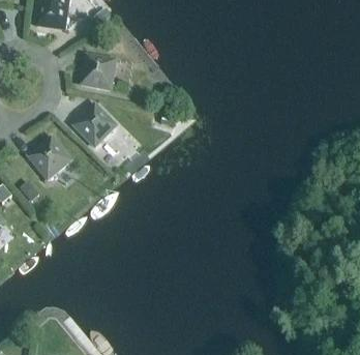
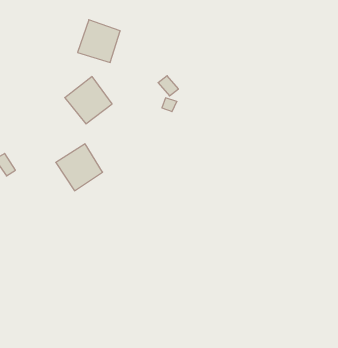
building: [29,138,71,180] -> [56,144,103,191]

